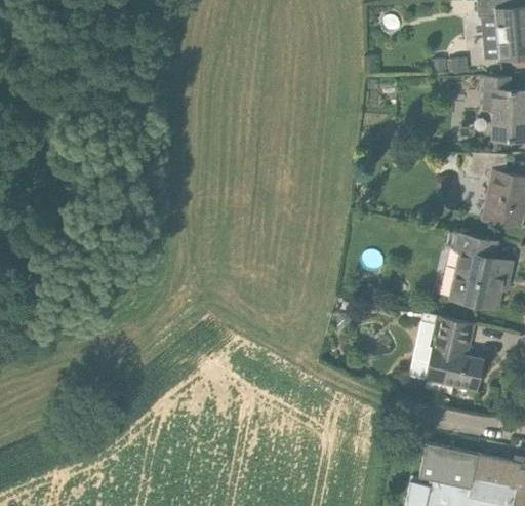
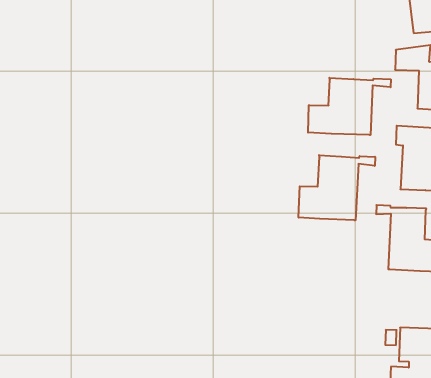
building: none -> [308,78,391,135]
building: none -> [299,155,375,220]

